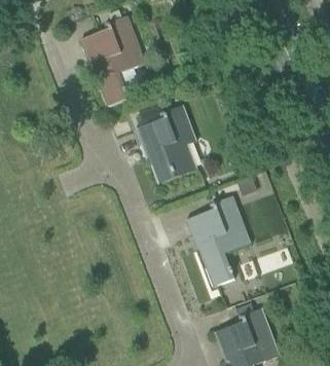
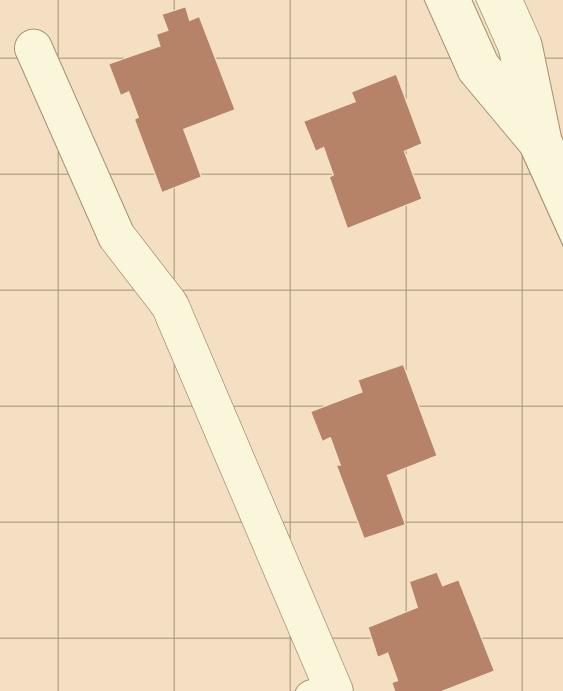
building: [136,103,197,183] -> [304,74,422,228]

